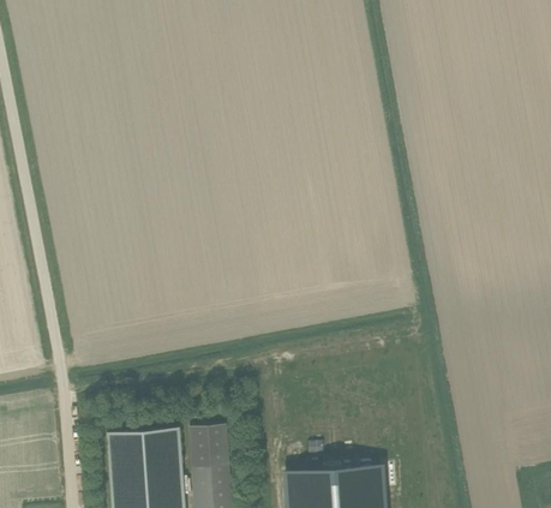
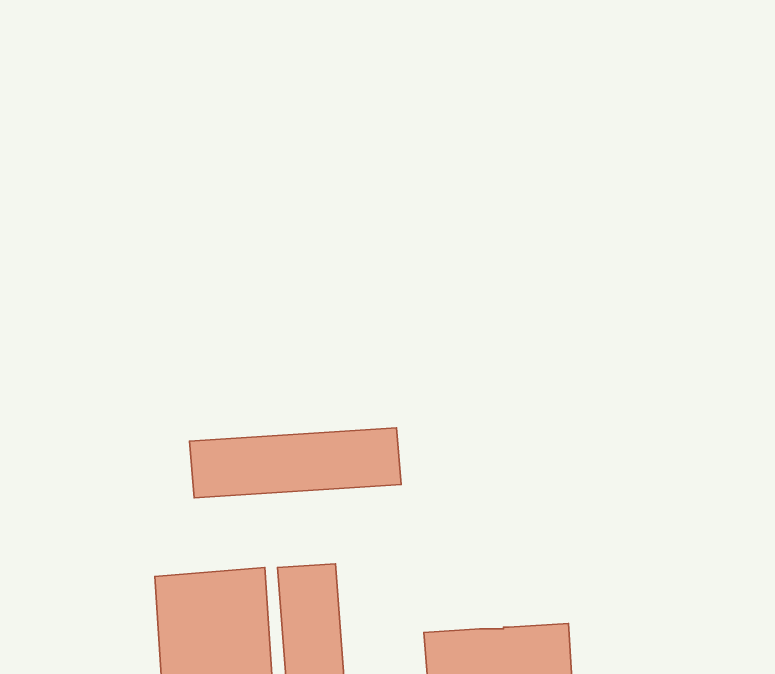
building: none -> [190,428,401,498]

